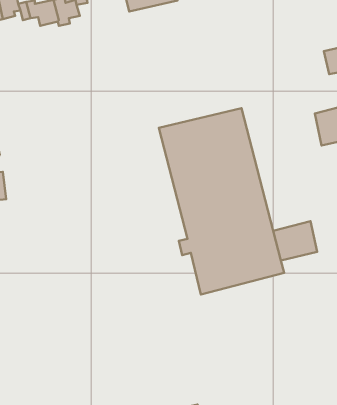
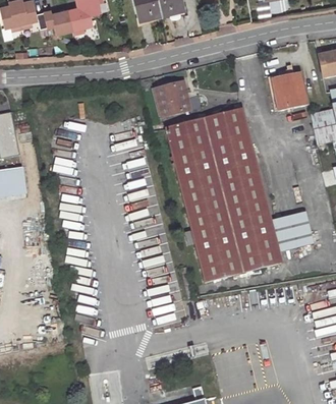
building: none -> [273,74,307,111]
building: none -> [156,82,189,117]

